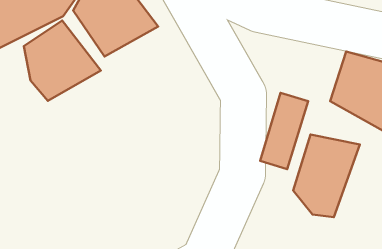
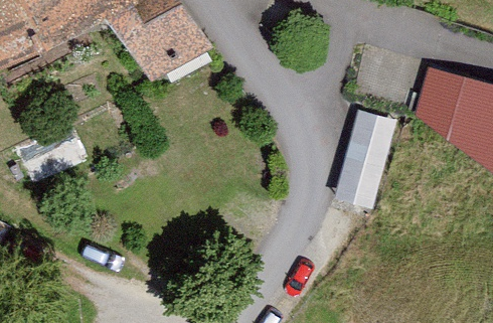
building: [24,20,101,101] -> none
building: [293,135,360,217] -> none

